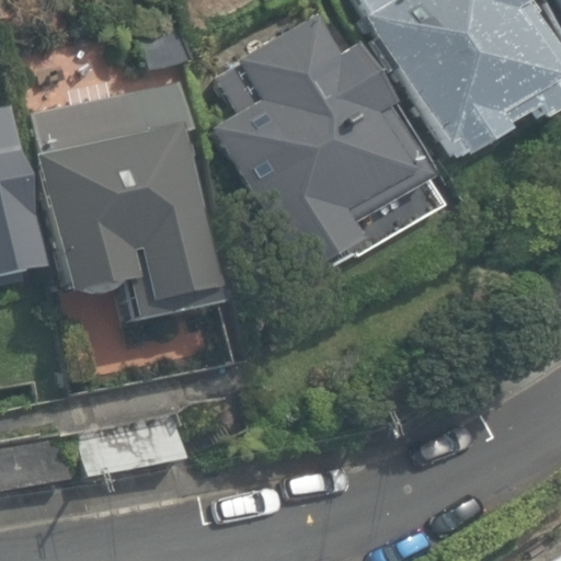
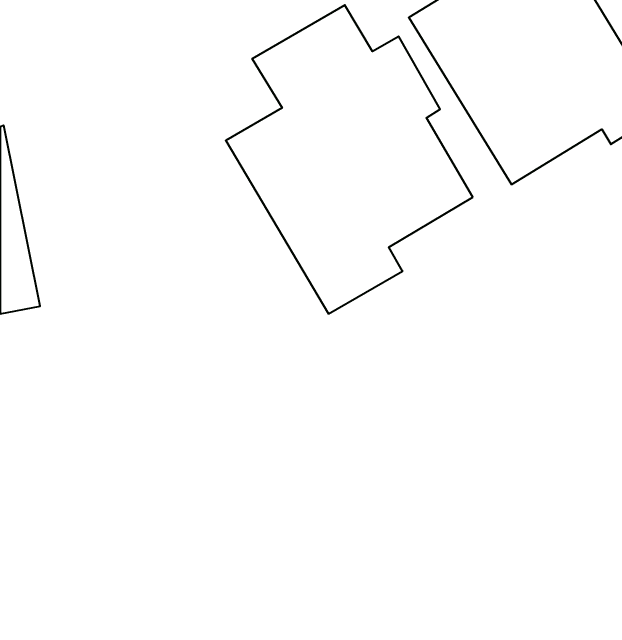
building: [34,123,216,299] -> none

